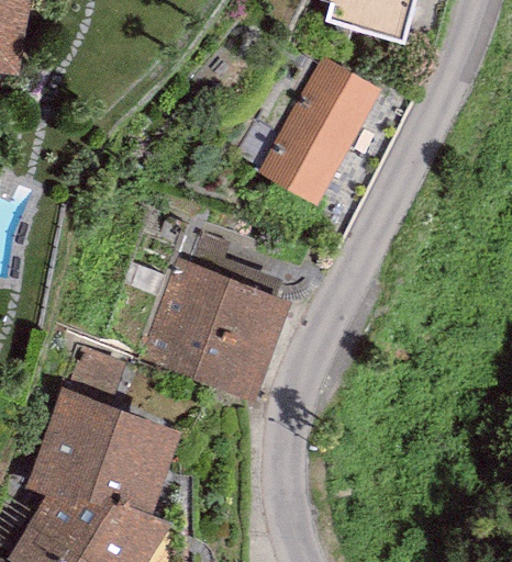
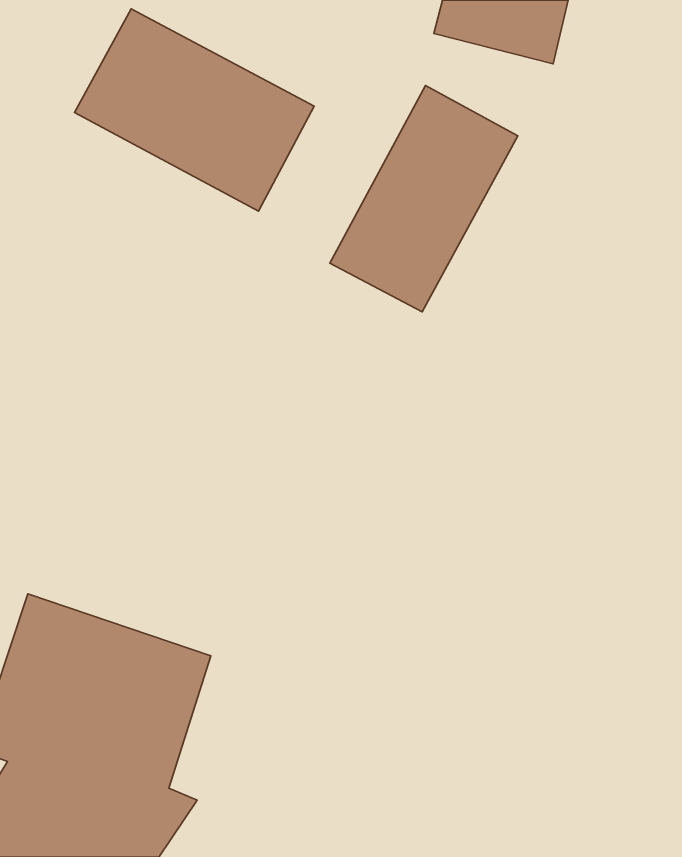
building: none -> [74,9,314,211]
building: [140,259,291,401] -> none

